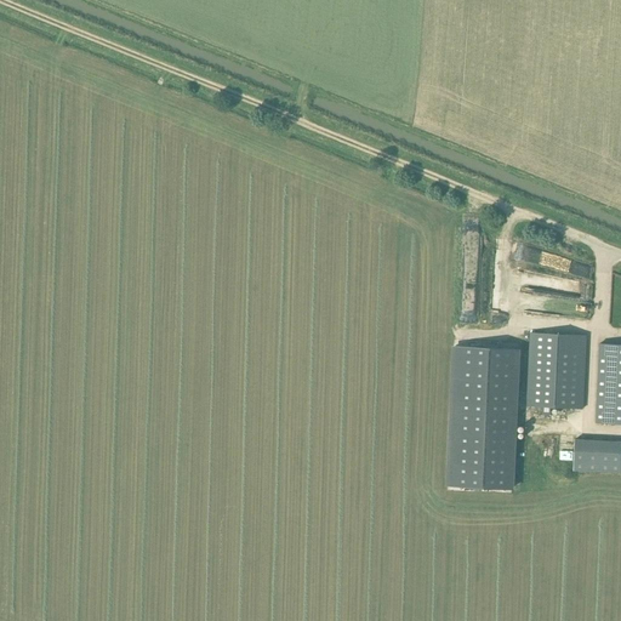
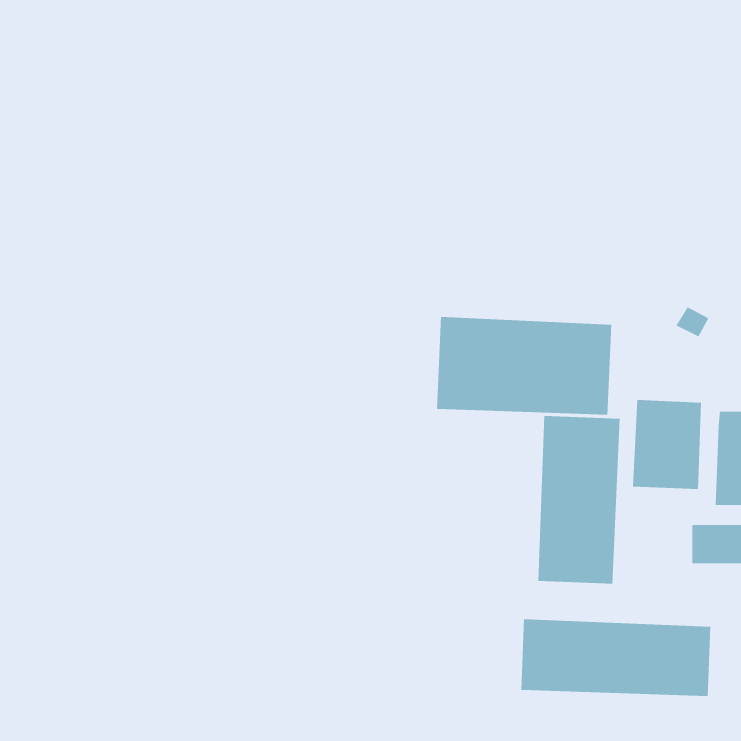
building: none -> [436,316,612,416]
building: none -> [521,619,711,697]

